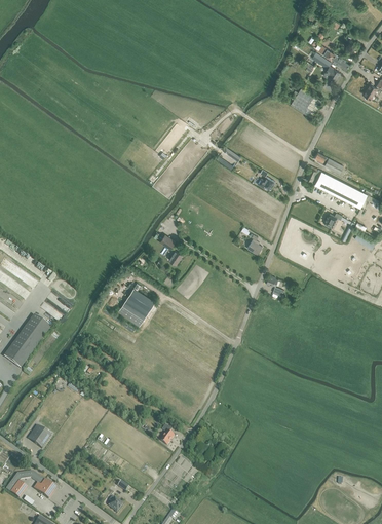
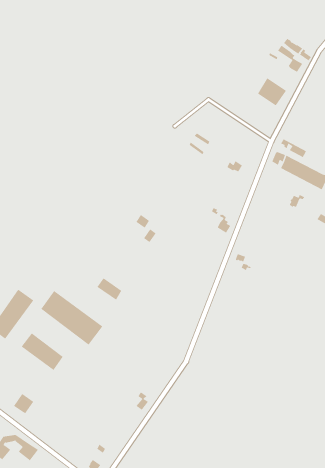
building: [124,287,154,315] -> none
building: none -> [40,290,103,346]
building: none -> [21,333,64,371]

